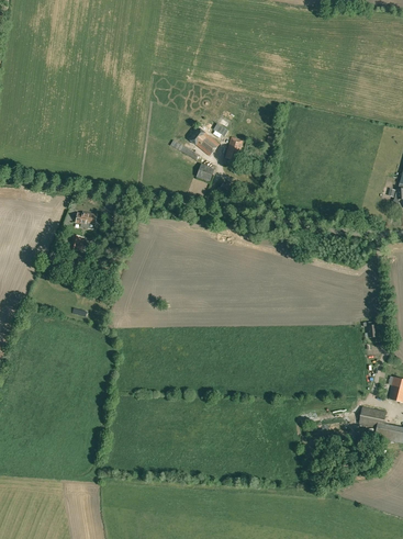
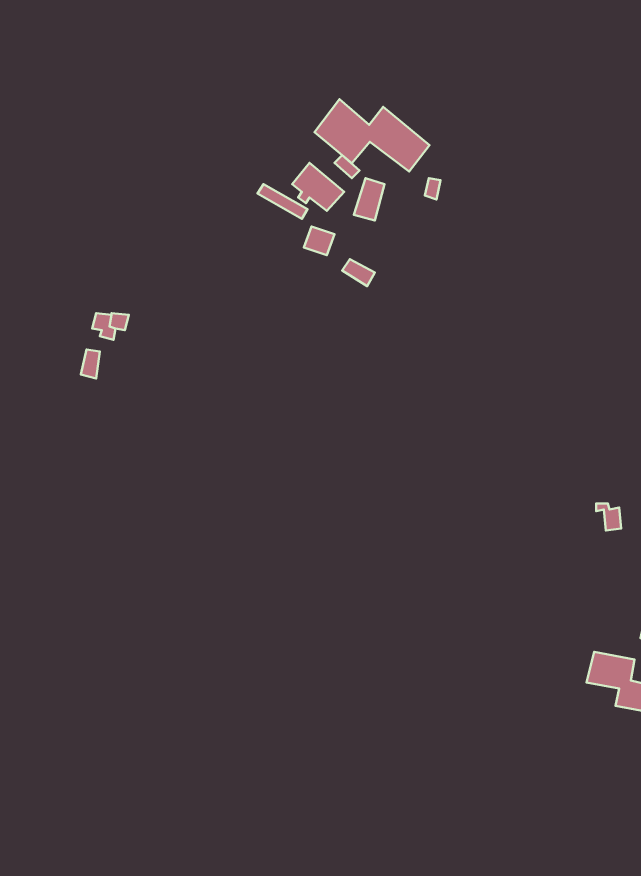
building: none -> [315,99,430,172]

